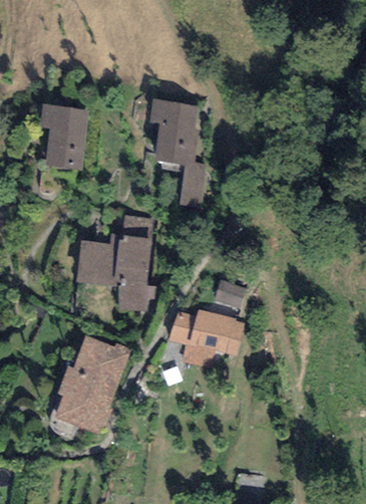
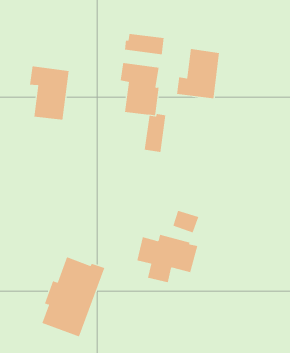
building: none -> [124,33,164,55]
building: none -> [176,48,220,99]
building: [77,215,152,311] -> none

